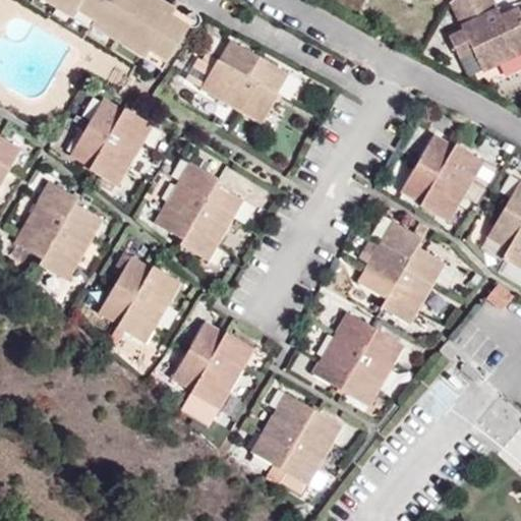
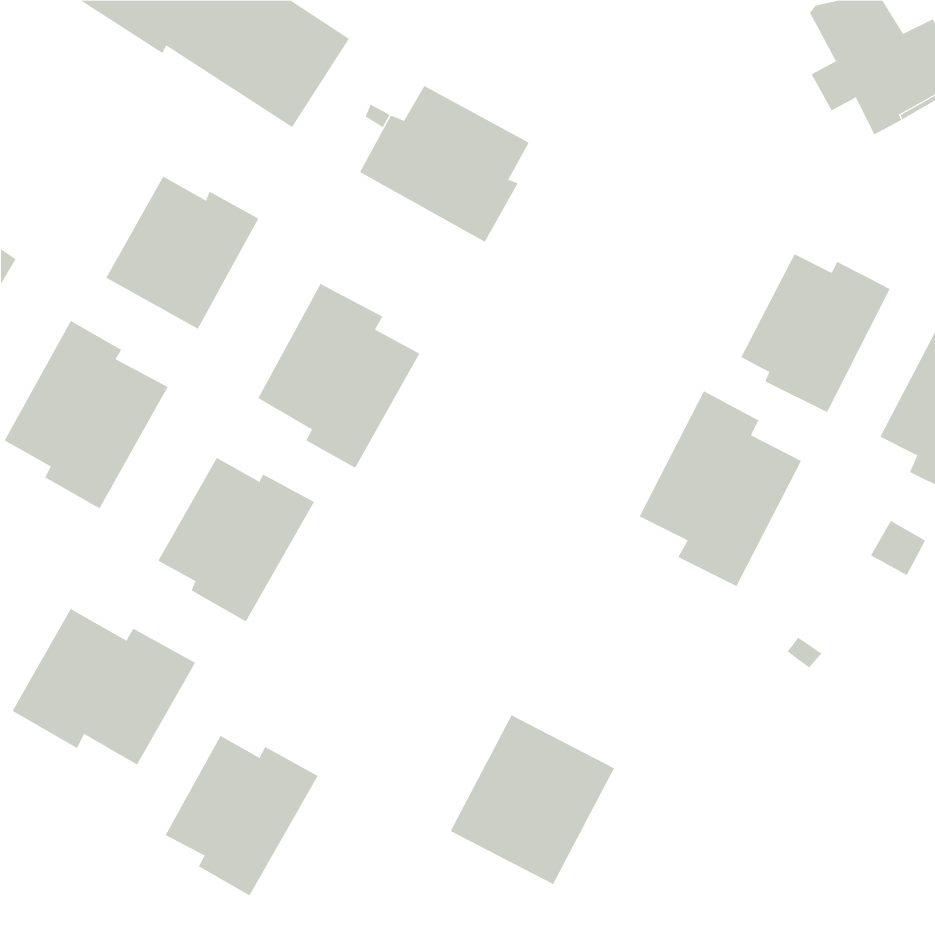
building: [313,312,401,405] -> none
building: [174,324,258,412] -> [165,735,318,896]
building: none -> [12,608,196,766]

